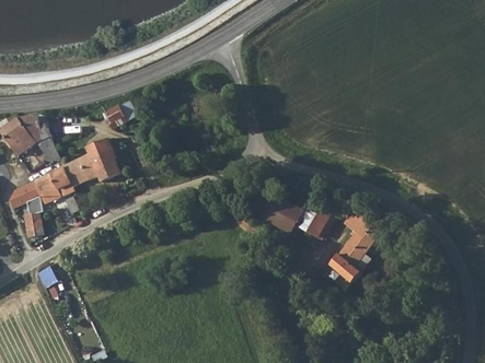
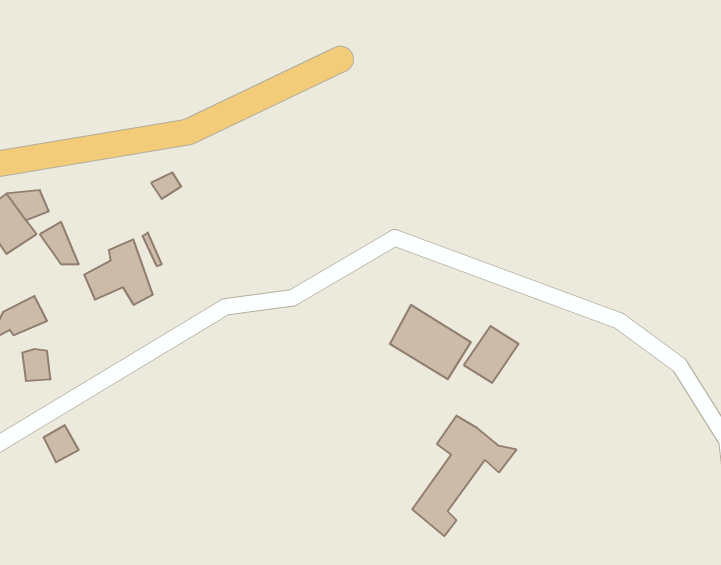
building: [33,171,70,199] -> none
building: [330,208,394,282] -> [412,416,516,536]

